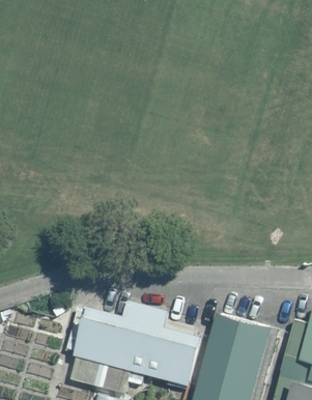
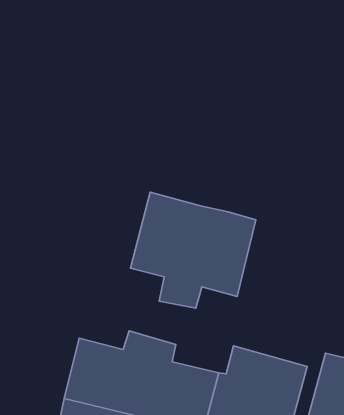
building: none -> [130,192,256,308]

